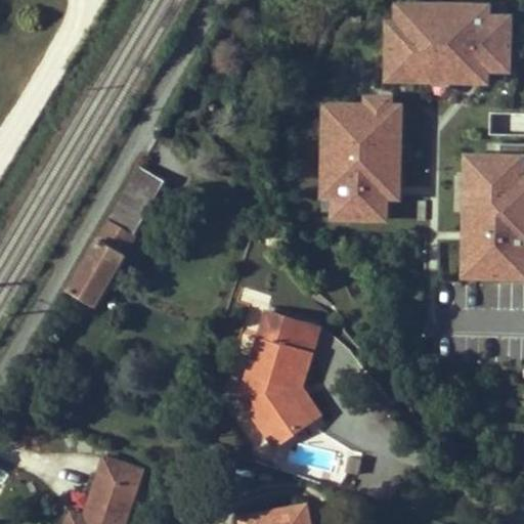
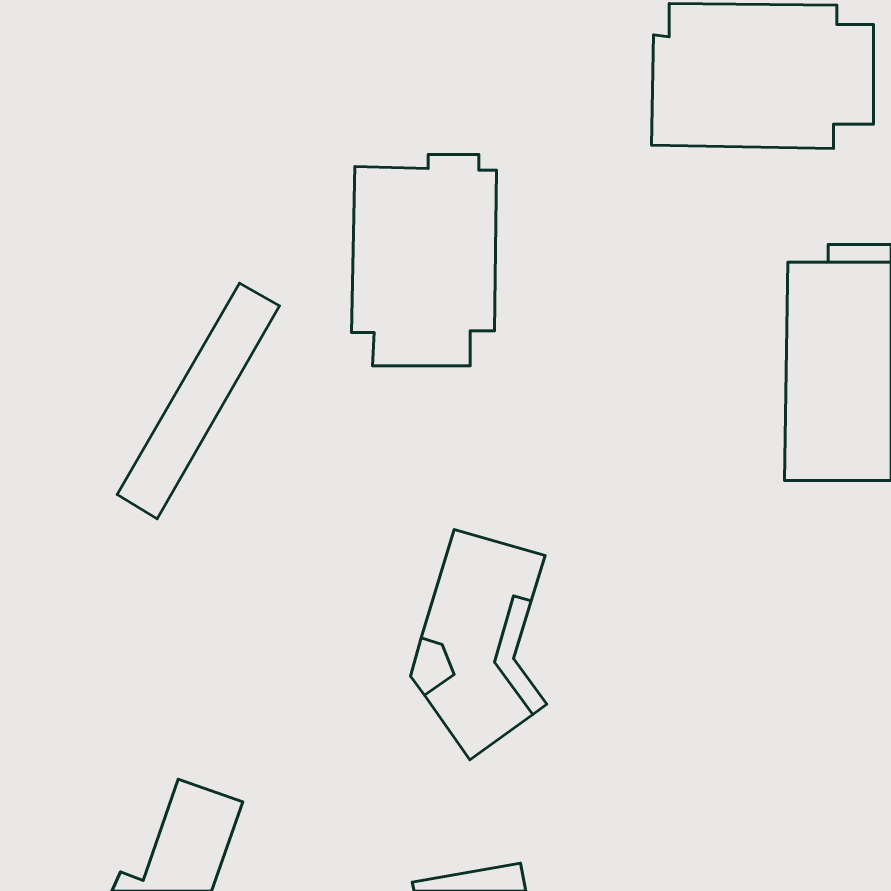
building: [316,95,401,219] -> [351,154,496,366]

